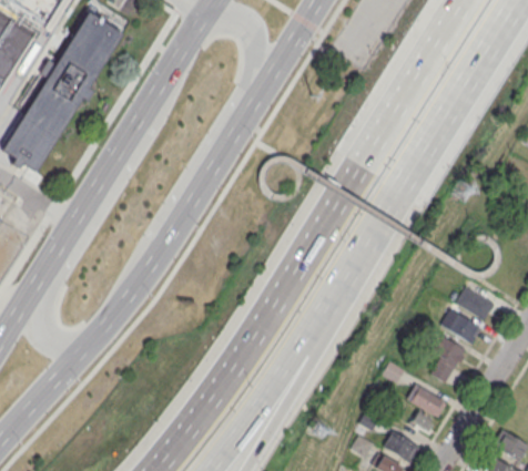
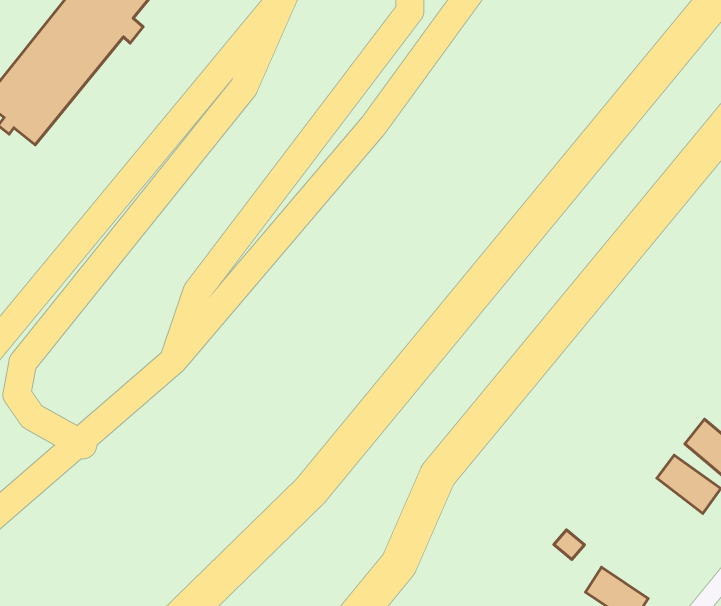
building: [428,338,468,382] -> none

